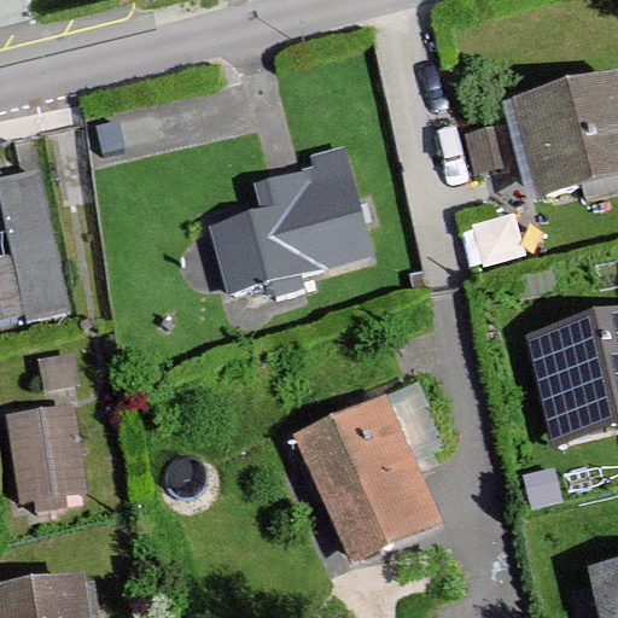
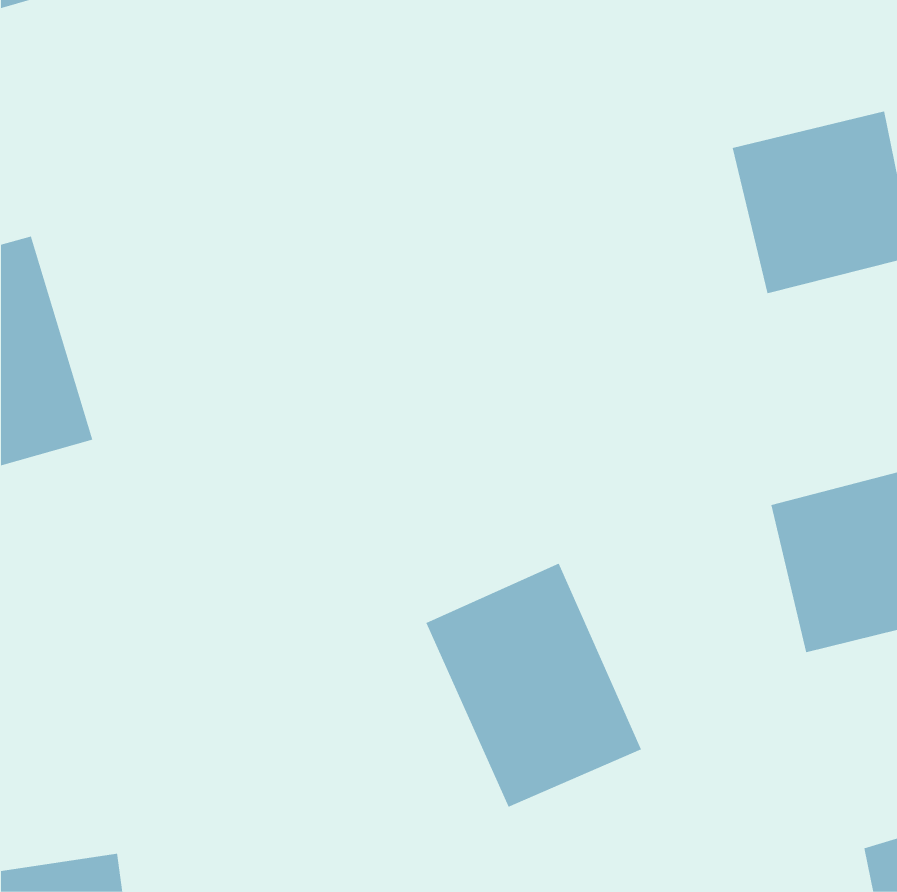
building: [208,159,368,291] -> none
building: [10,410,81,501] -> none

